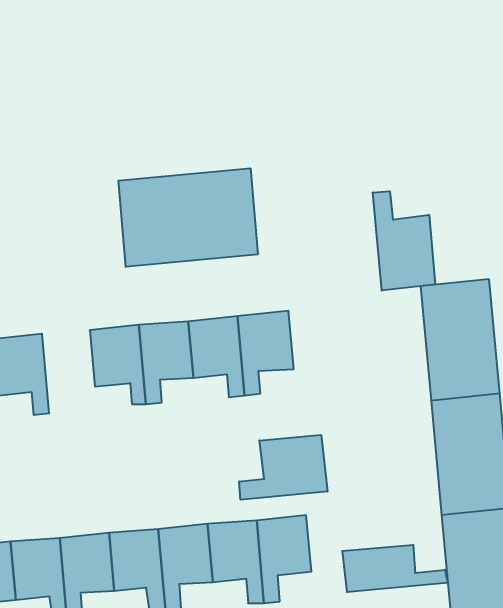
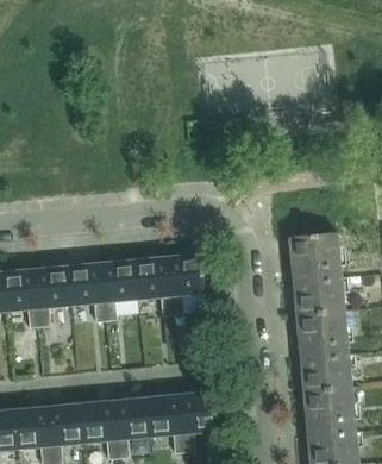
building: [119,168,258,267] -> none
building: [373,191,435,291] -> none
building: none -> [36,268,71,324]
building: [239,435,327,500] -> none
building: [342,545,448,592] -> none

